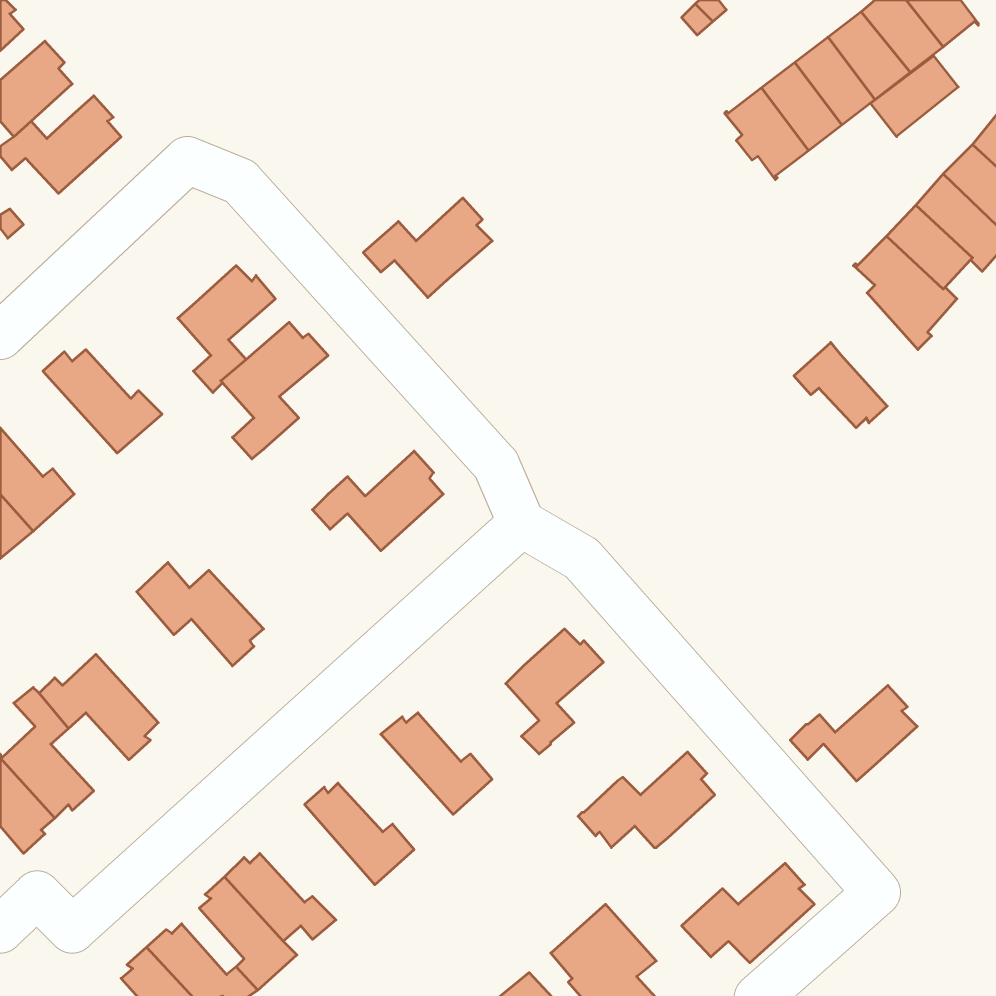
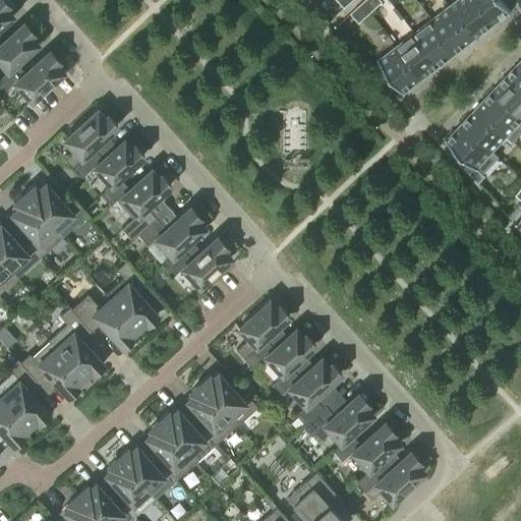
building: [870,56,958,137] -> none
building: [363,198,492,298] -> [138,207,206,258]
building: none -> [64,110,118,178]
building: [794,342,887,428] -> none
building: none -> [11,194,62,258]
building: none -> [105,262,159,329]
building: none -> [237,300,290,368]
building: none -> [49,307,104,378]
building: none -> [288,357,342,424]
building: [790,685,917,781] -> [334,422,400,472]
building: none -> [186,384,237,444]
building: none -> [146,420,196,480]

